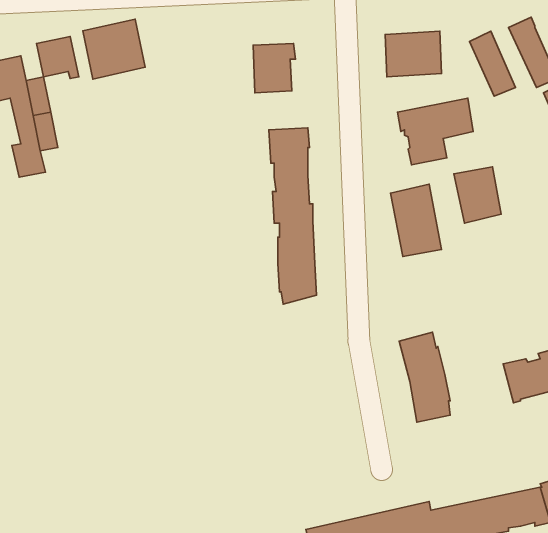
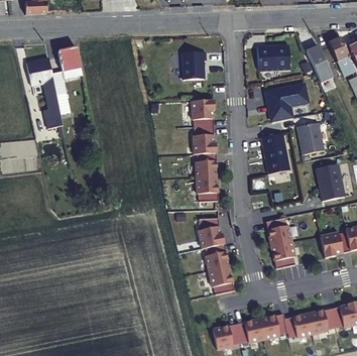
building: [83,19,145,79] -> none
building: none -> [316,163,345,201]
building: none -> [198,218,234,294]

